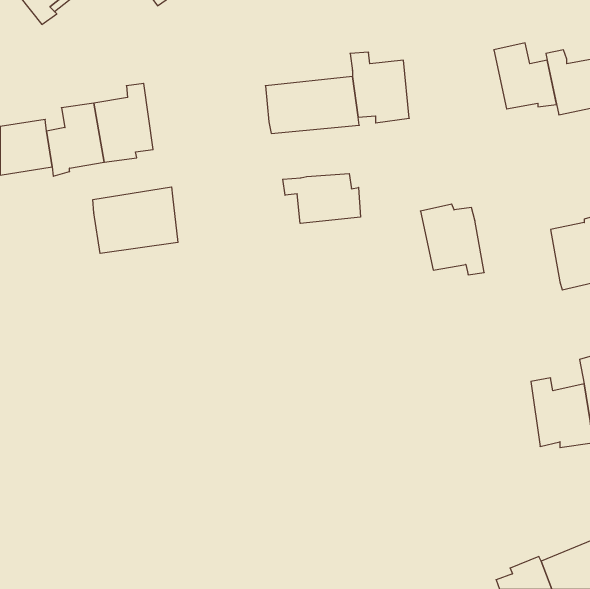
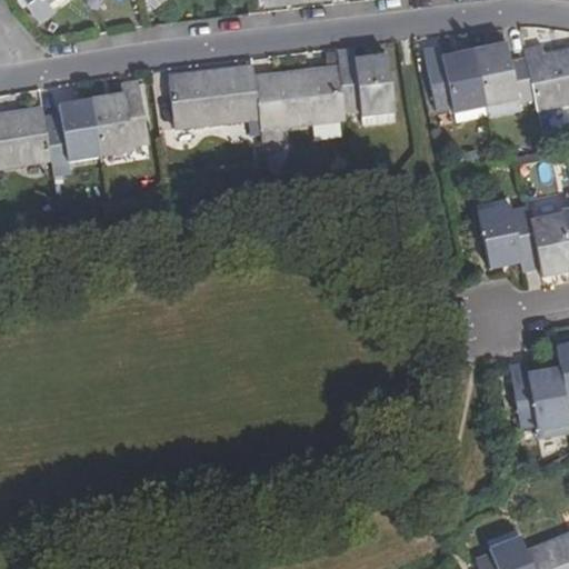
building: none -> [425,44,488,111]
building: none -> [170,72,260,127]
building: [283,174,360,223] -> none
building: [93,187,178,253] -> none
building: [420,204,484,275] -> [478,204,539,272]

